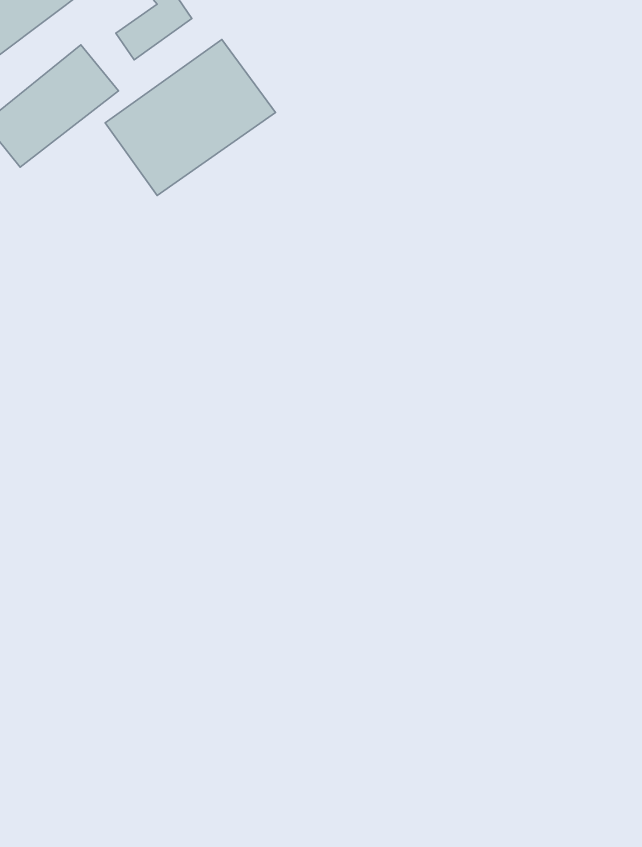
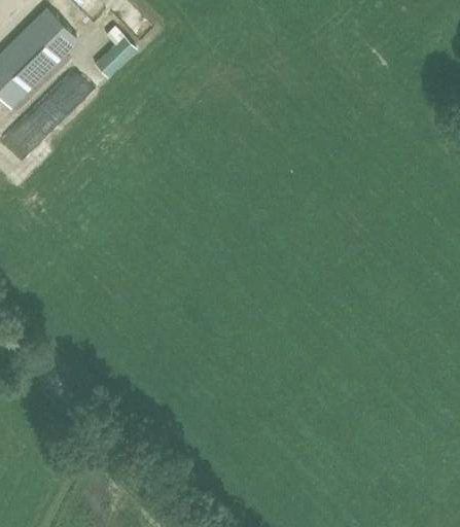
building: [105,40,275,195] -> none

